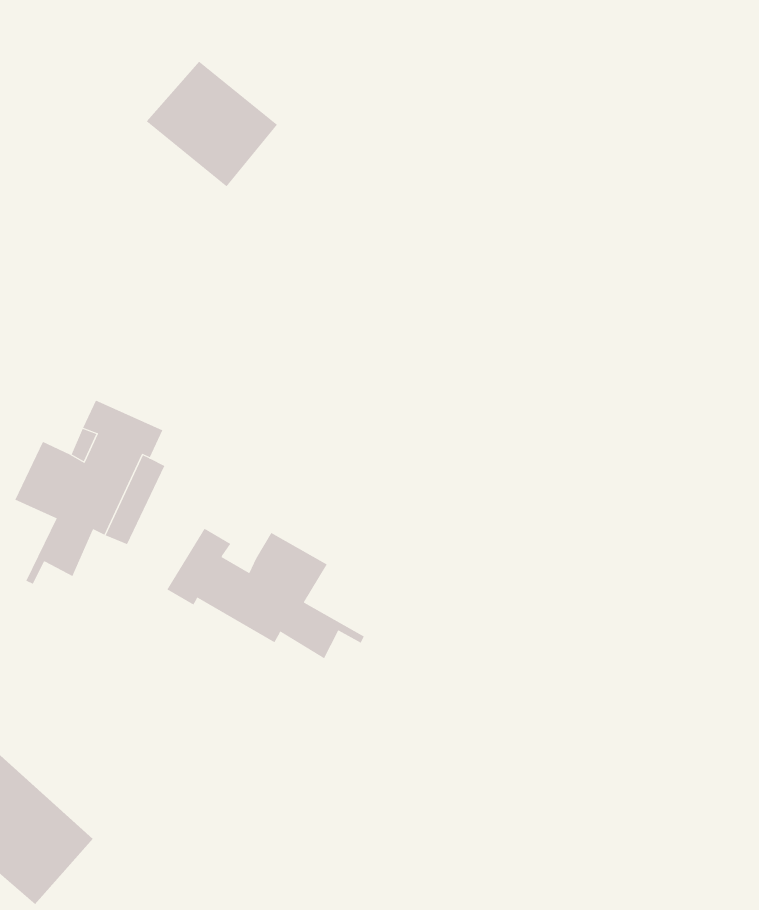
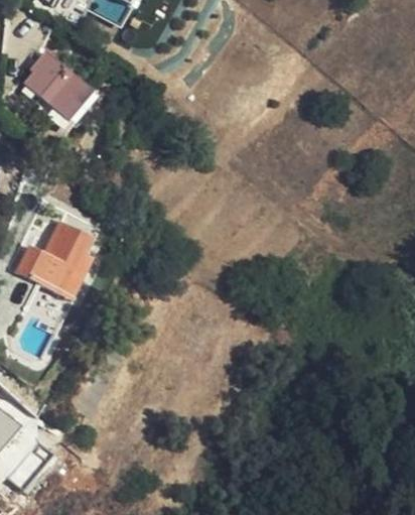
building: [146,61,278,187] -> [18,49,89,117]
building: [166,528,365,659] -> none

